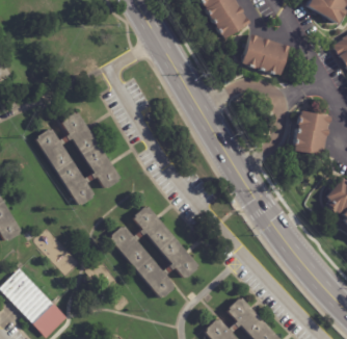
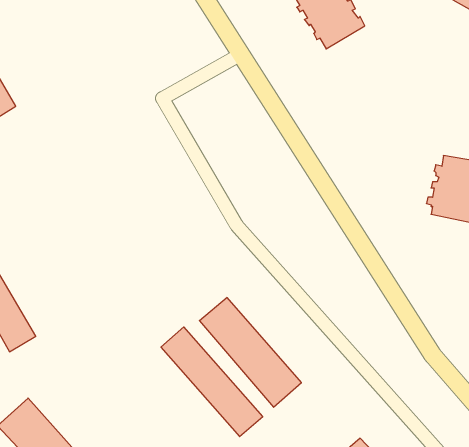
building: [240,31,288,73] -> none
building: [62,112,124,192] -> none
building: [37,131,96,206] -> none

